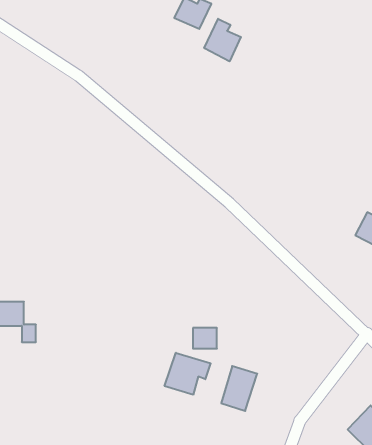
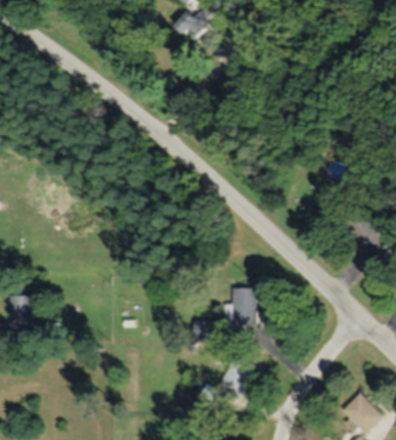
building: [204,19,241,61] -> none
building: none -> [223,289,256,324]
building: [165,353,211,395] -> none

